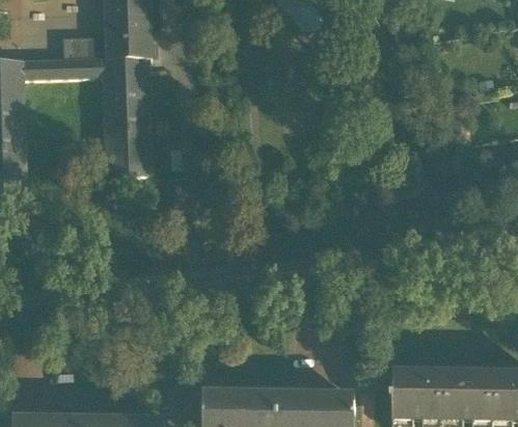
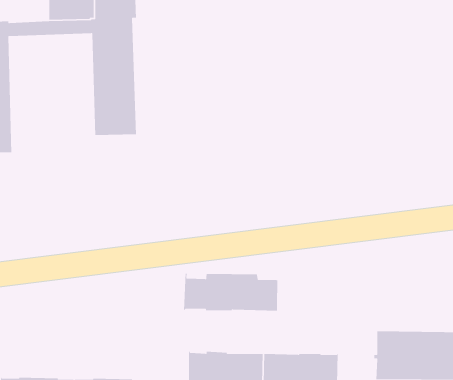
building: none -> [183,273,278,312]

